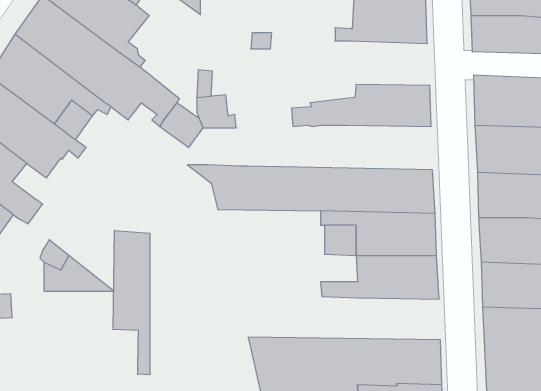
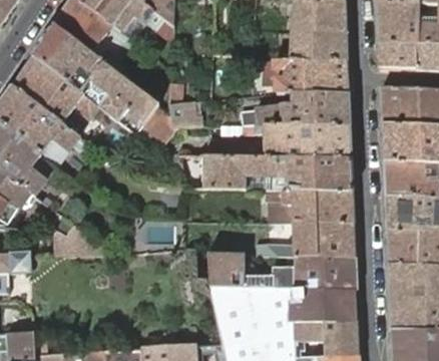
building: none -> [265,61,348,95]
building: none -> [209,125,350,159]
building: [113,230,150,375] -> none
building: none -> [205,255,356,289]

